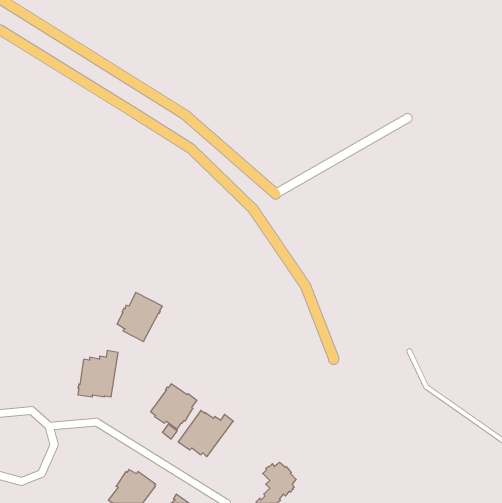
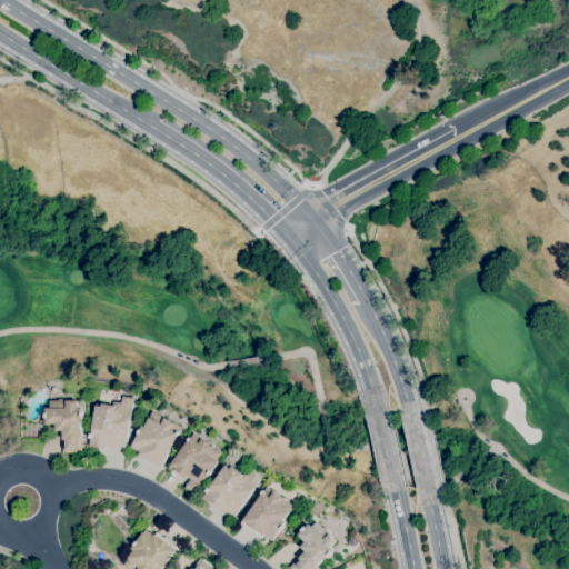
building: [117,292,162,342] -> [131,411,182,467]
building: none -> [43,399,82,453]
building: none -> [241,487,293,540]

